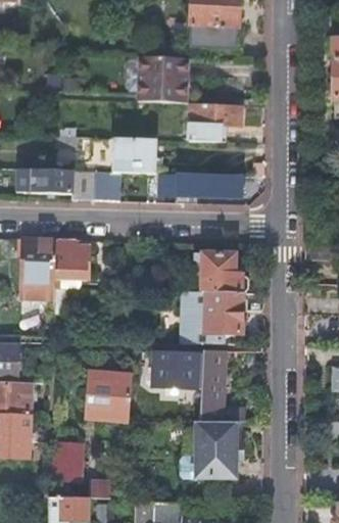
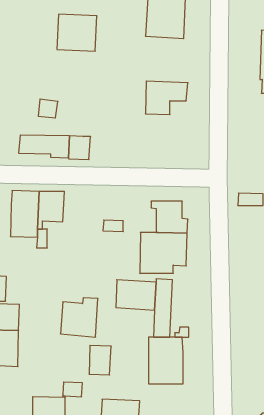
building: [139,56,189,102] -> [57,14,97,51]
building: [112,140,157,173] -> none
building: [177,174,242,202] -> none
building: [55,443,83,480] -> [89,345,111,375]

